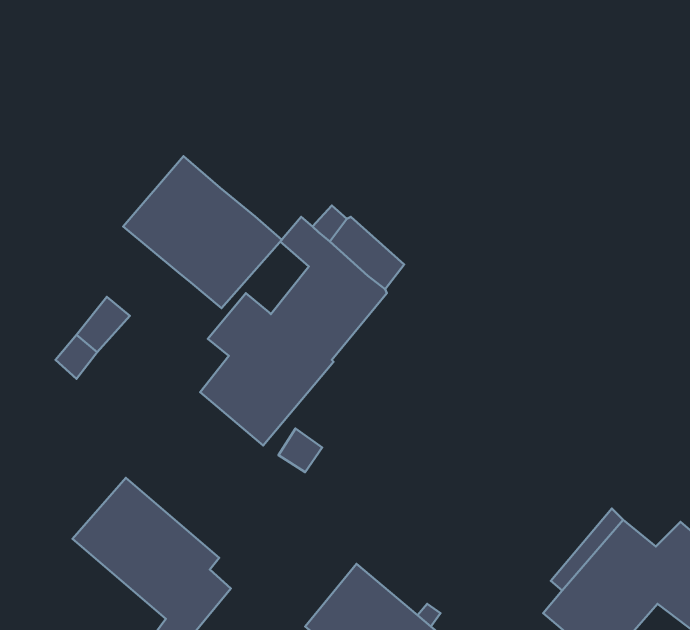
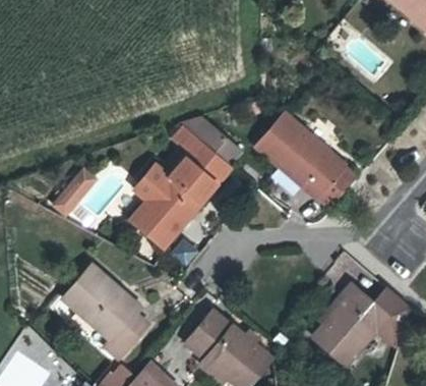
building: [123,156,282,308] -> none
building: none -> [256,113,353,206]

